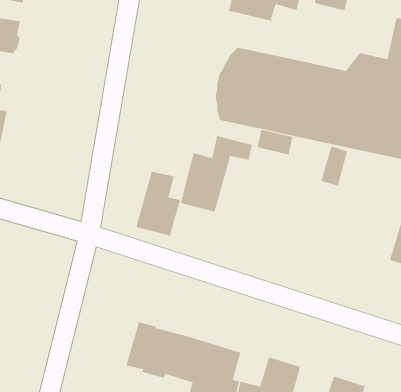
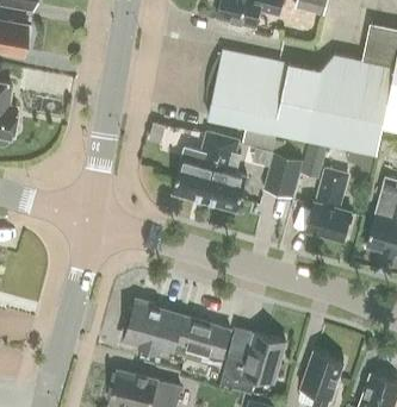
building: none -> [265,151,303,198]
building: [136,171,181,236] -> [206,150,248,209]
building: none -> [308,169,352,240]

